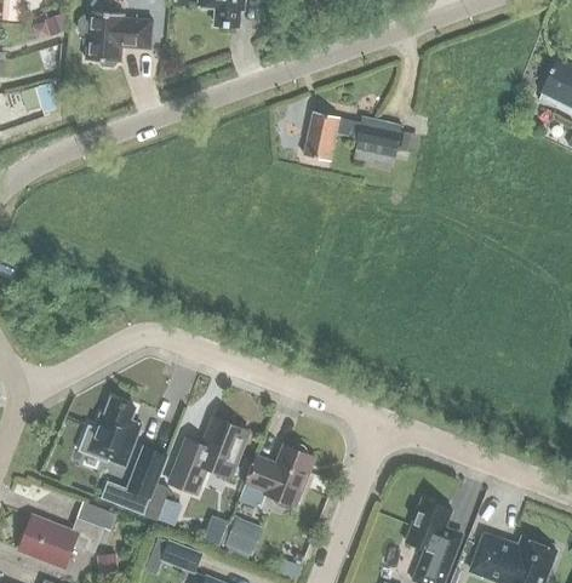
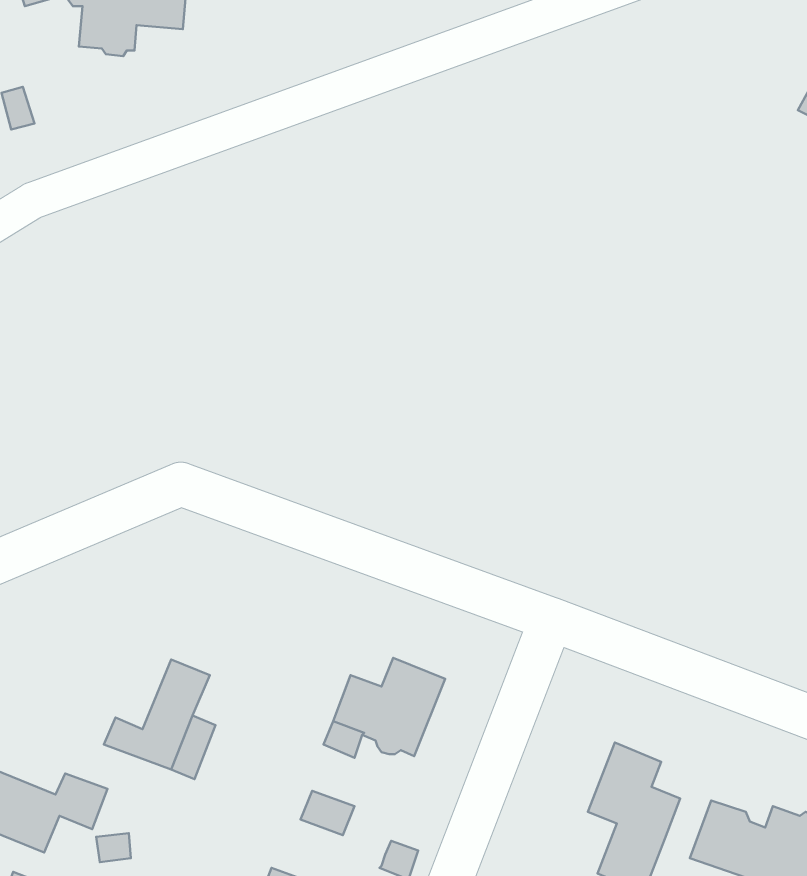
building: [304,112,401,166] -> none
building: [86,398,141,465] -> none
building: [170,417,247,492] -> none
building: [160,539,201,573] -> none

